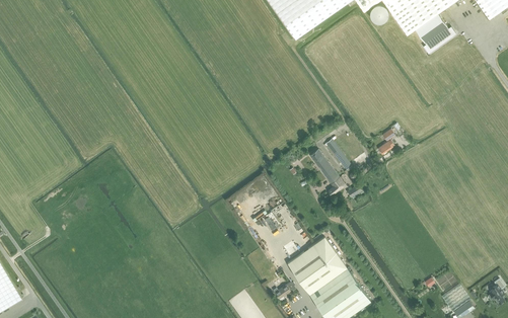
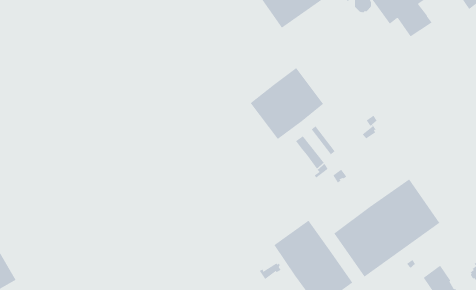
building: none -> [250,67,324,140]
building: none -> [333,179,440,277]

